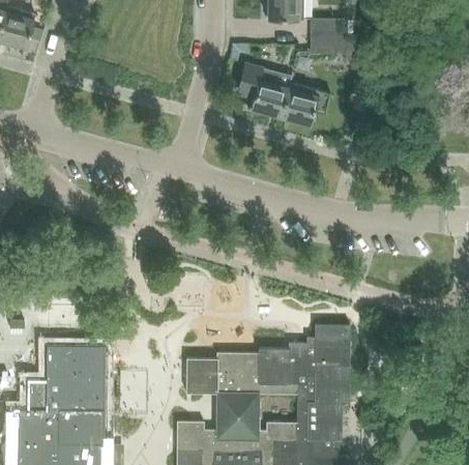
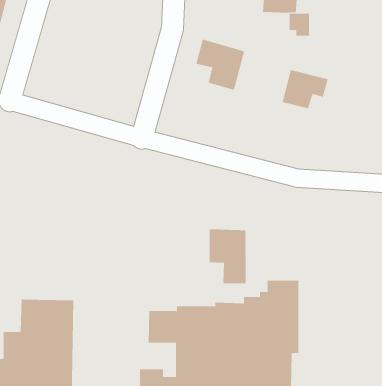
building: [311,33,340,53] -> none
building: [281,83,331,125] -> [282,70,328,109]
building: none -> [209,229,246,284]

